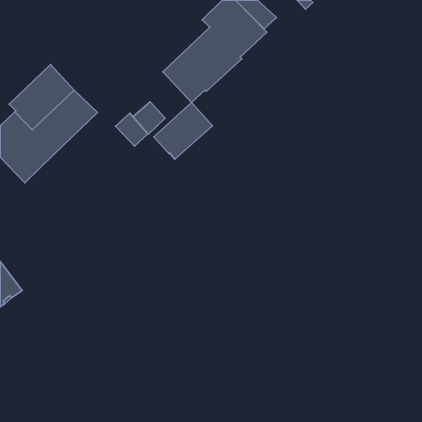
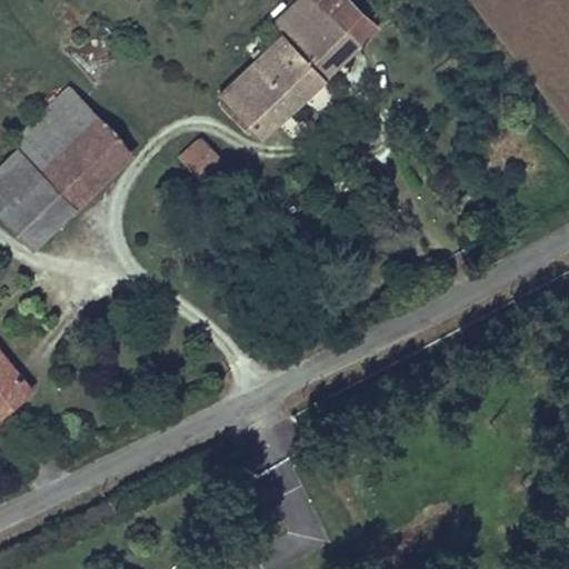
building: [154,103,213,159] -> none
building: [116,113,148,146] -> none

